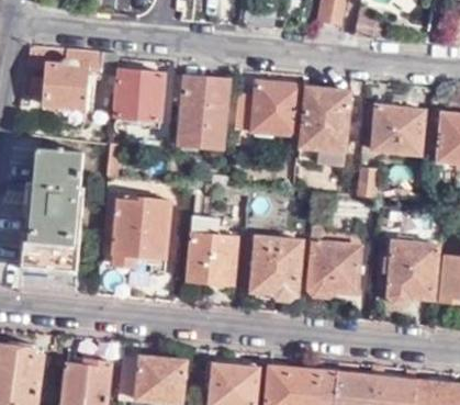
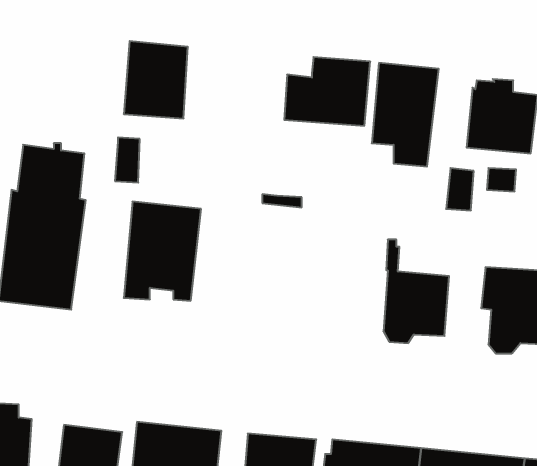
building: [26,46,116,108] -> none
building: [178,75,227,148] -> none
building: [187,190,237,286] -> none
building: [244,236,304,294] -> none

